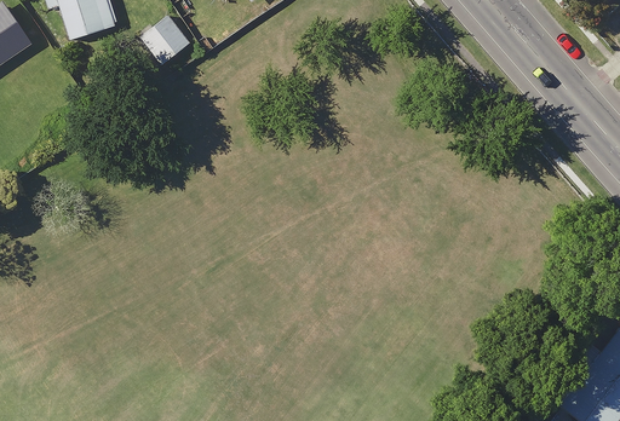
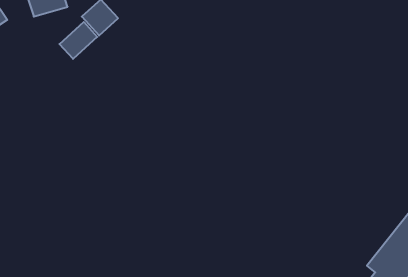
building: none -> [59,22,97,59]

